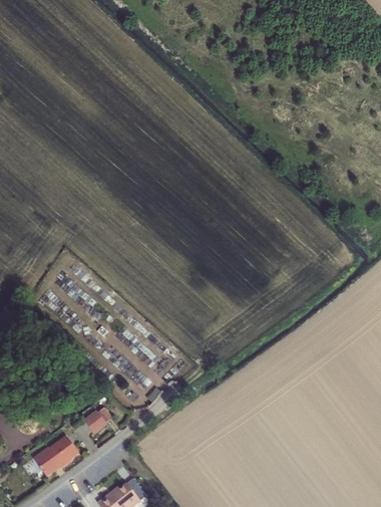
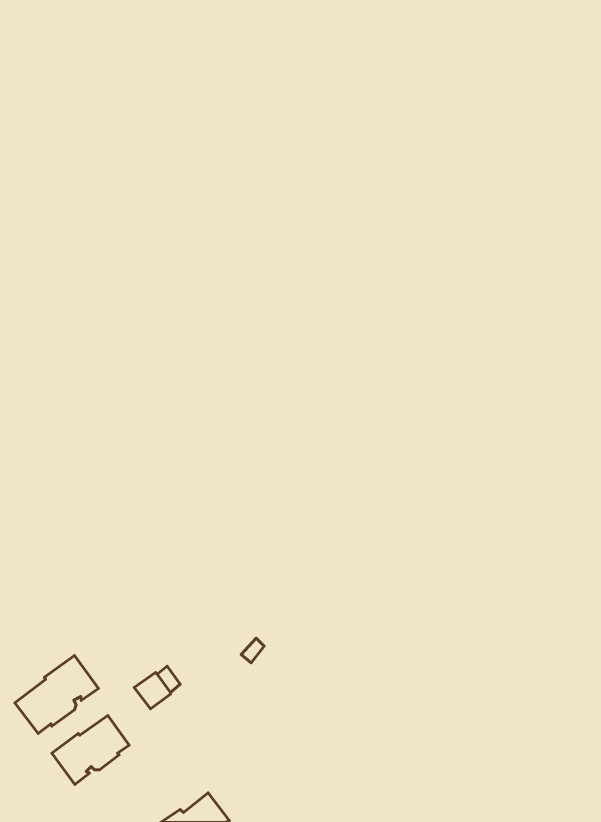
building: none -> [15,655,99,734]

